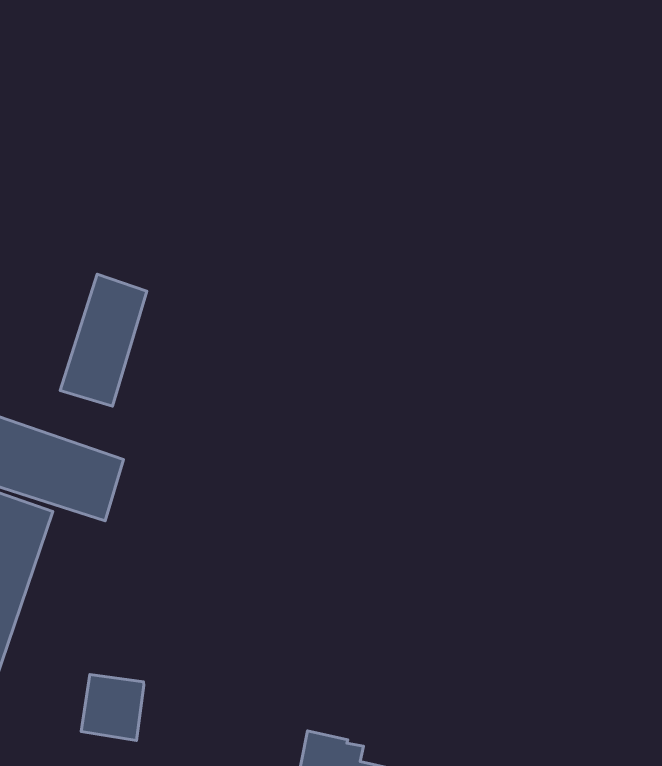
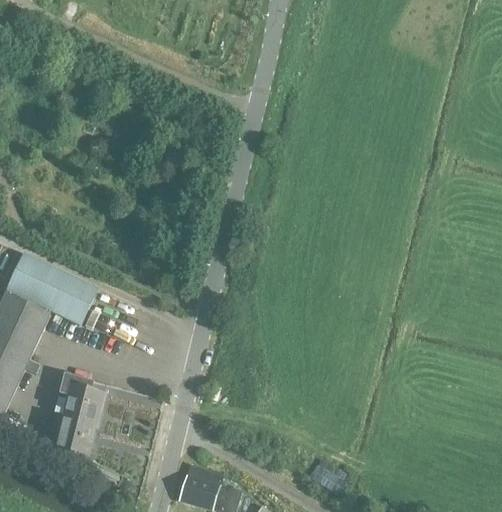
building: [60,274,147,406] -> none
building: none -> [56,372,102,425]

